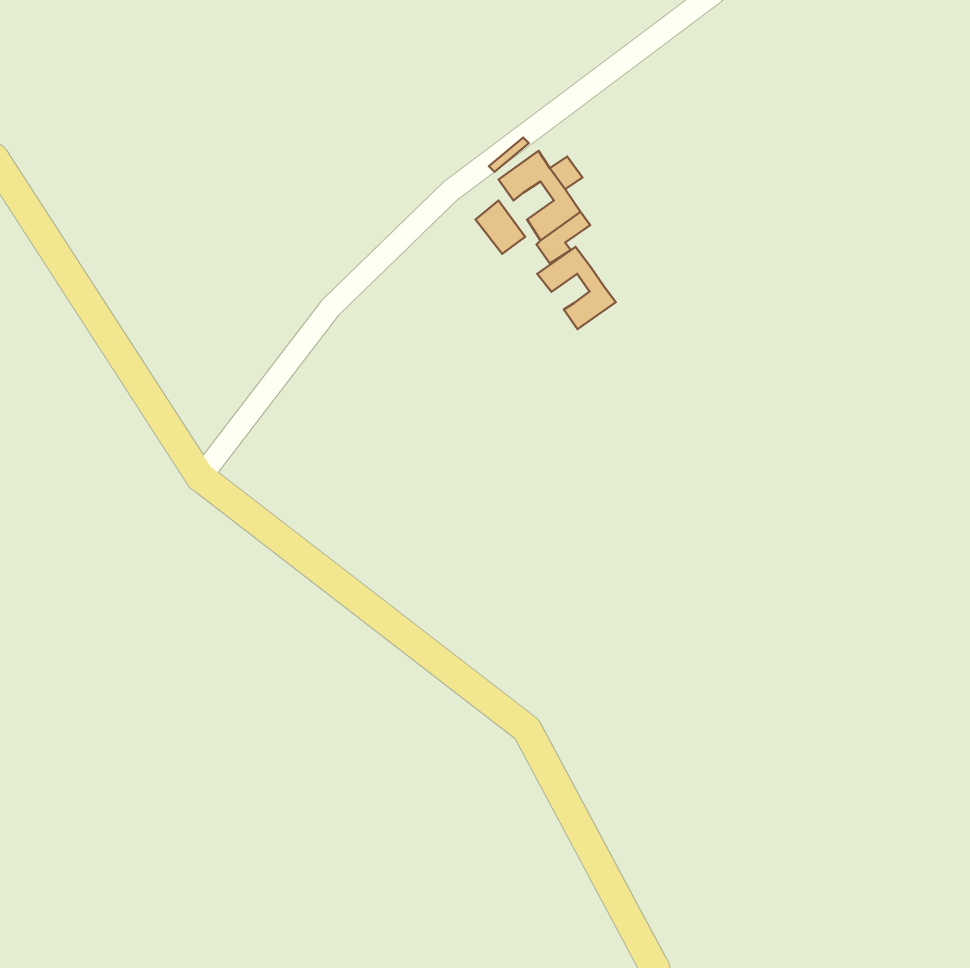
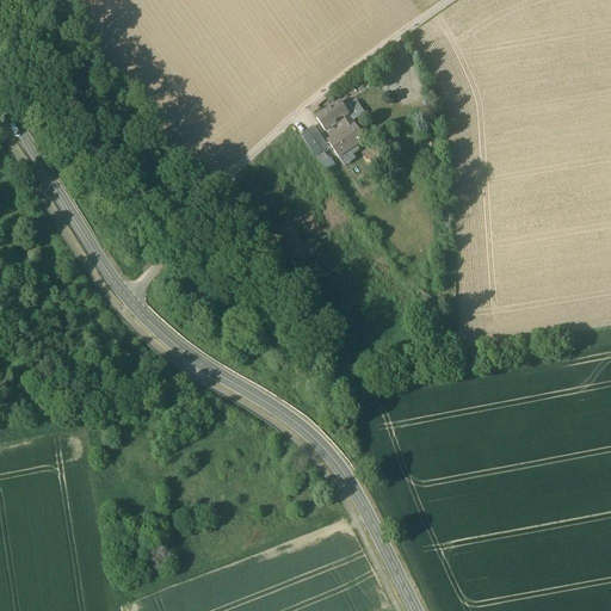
building: [537,247,616,329] -> none

